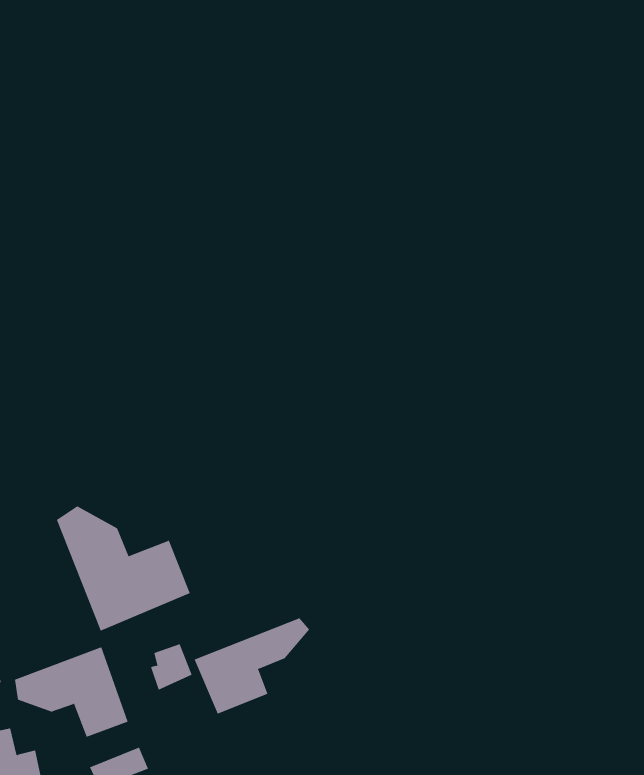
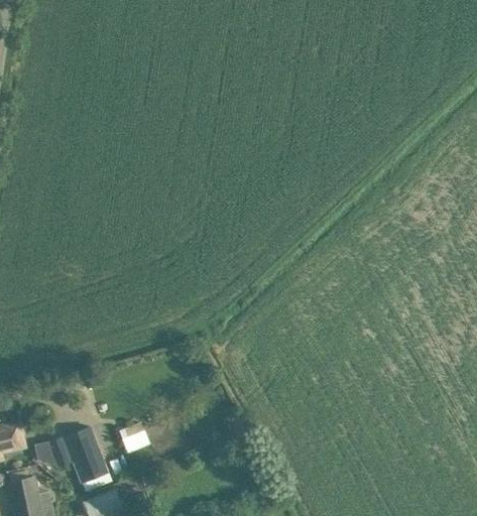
building: [56,505,191,631] -> none
building: [194,617,310,715] -> none

